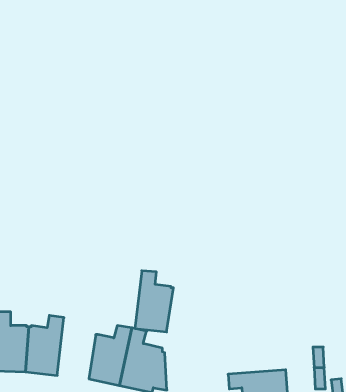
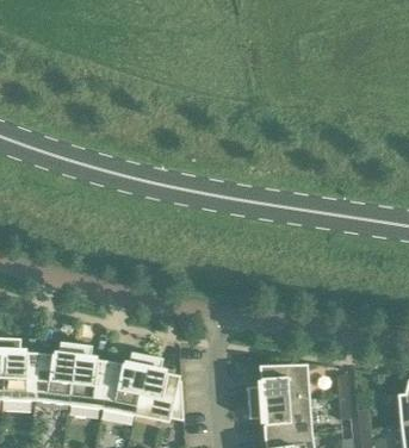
building: [135,271,173,332] -> [68,344,109,409]
building: none -> [247,365,309,404]

